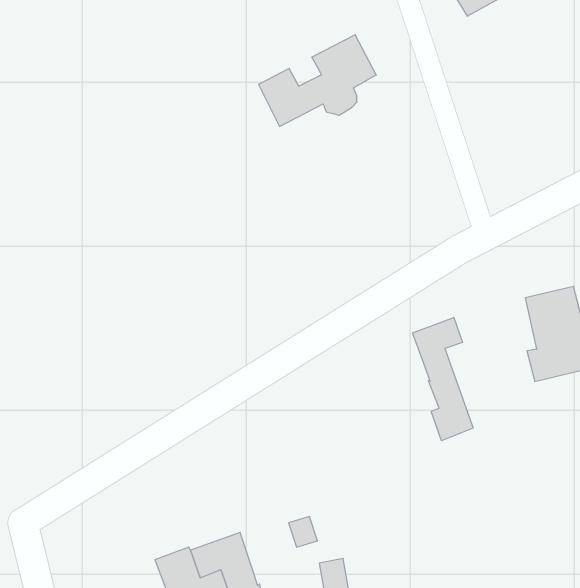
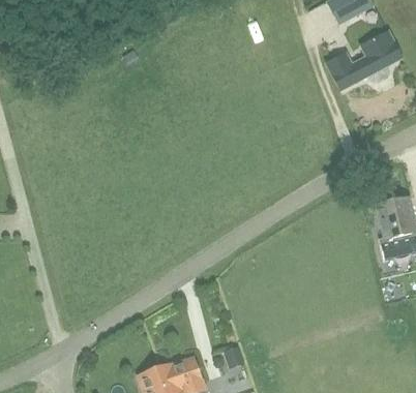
building: [259,35,376,126] -> [326,31,402,90]
building: [412,317,473,441] -> none

